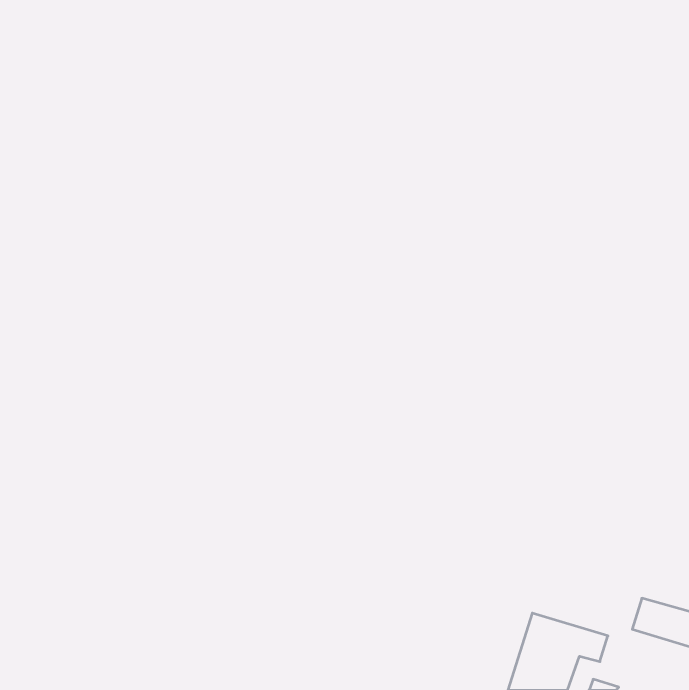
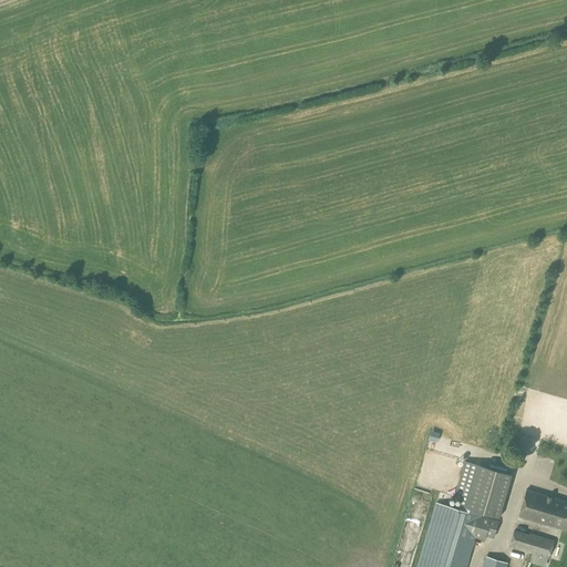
building: none -> [456,462,513,517]
building: none -> [511,530,555,558]

